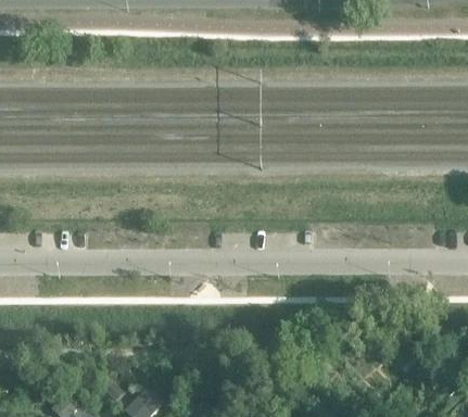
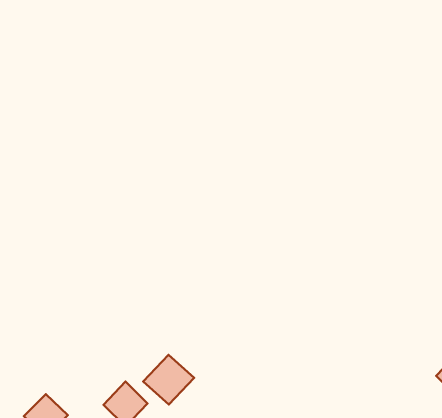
building: none -> [143,355,194,405]

